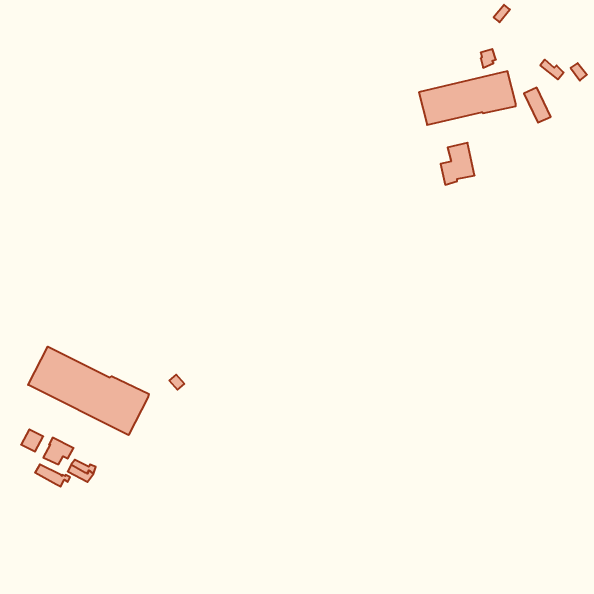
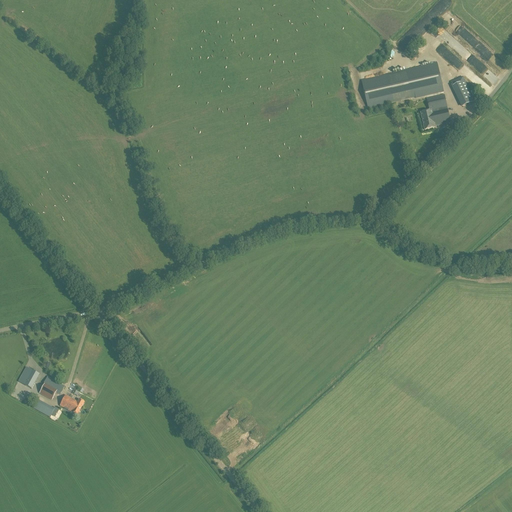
building: [441,143,475,185] -> [419,93,448,129]
building: [28,347,149,435] -> none

